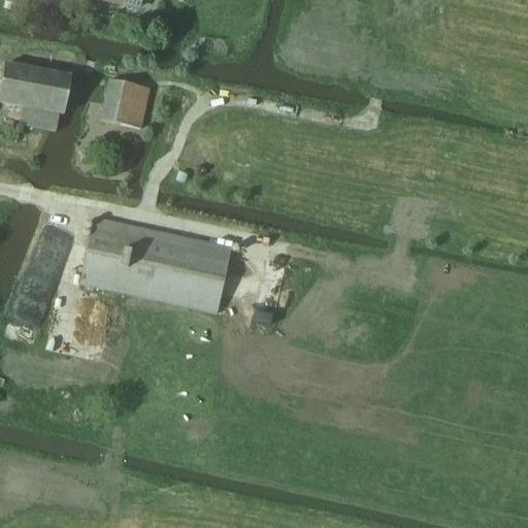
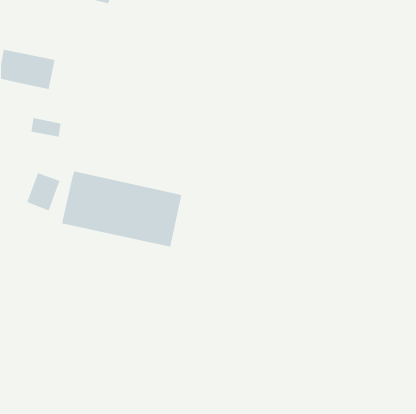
building: [101,78,147,127] -> none
building: [21,105,60,131] -> [31,117,62,138]

